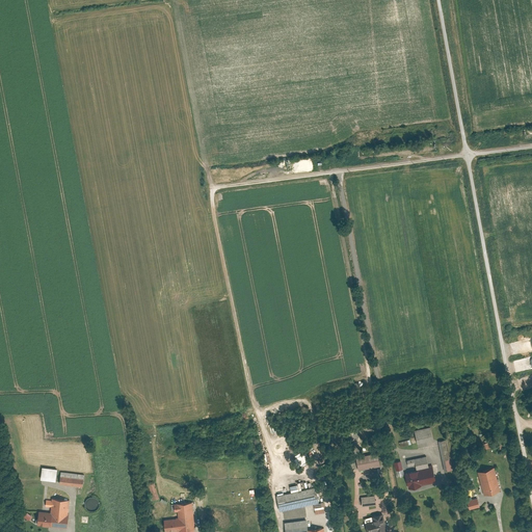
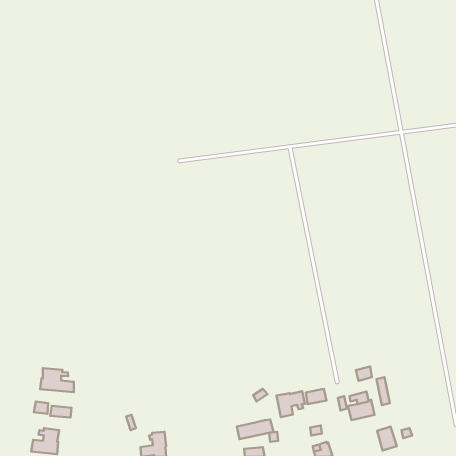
building: none -> [40,368,74,392]
building: none -> [277,391,305,417]
building: [477,468,500,496] -> [377,426,397,451]

